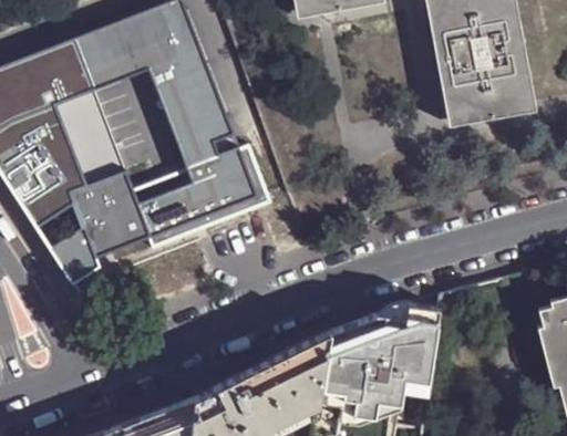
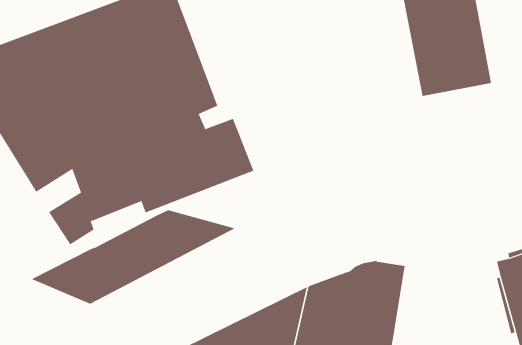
building: none -> [31,210,236,304]

